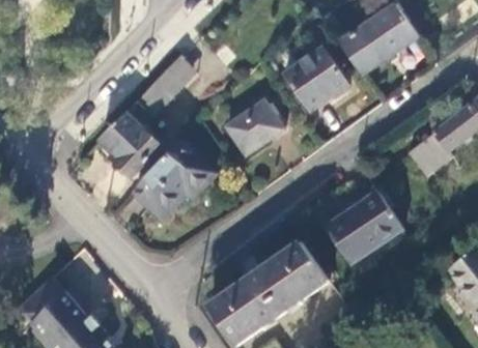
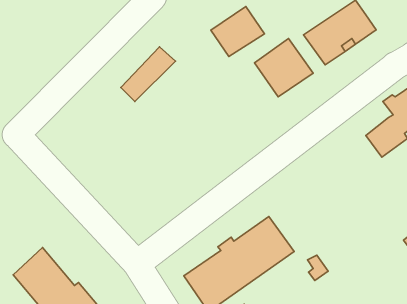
building: [101,99,161,177] -> none
building: [225,99,284,154] -> [211,6,265,56]
building: [134,141,214,214] -> none
building: [325,193,403,263] -> none

